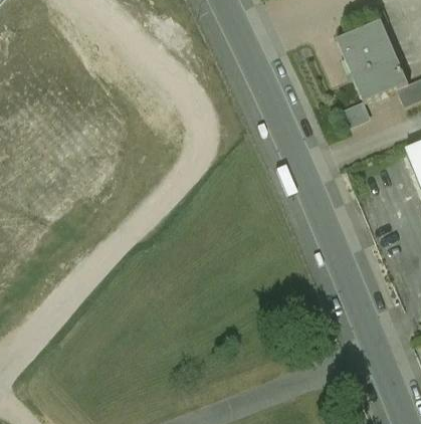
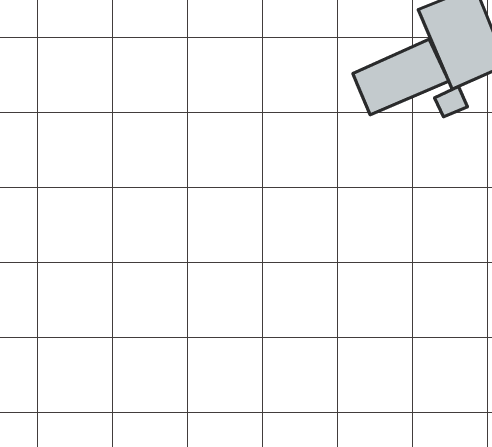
building: none -> [353,39,449,115]

